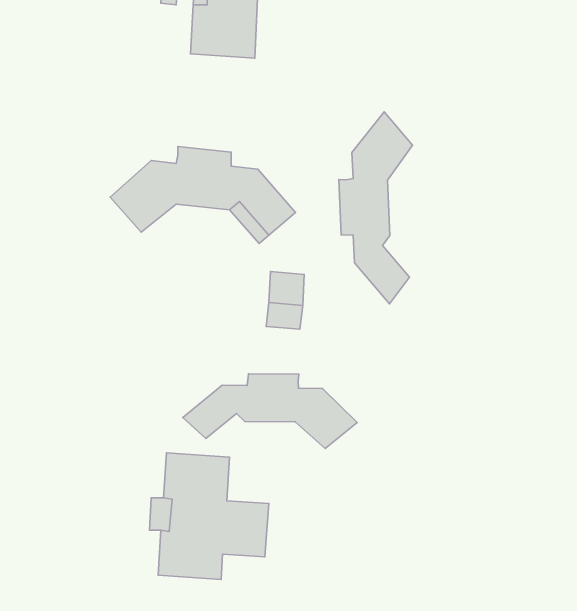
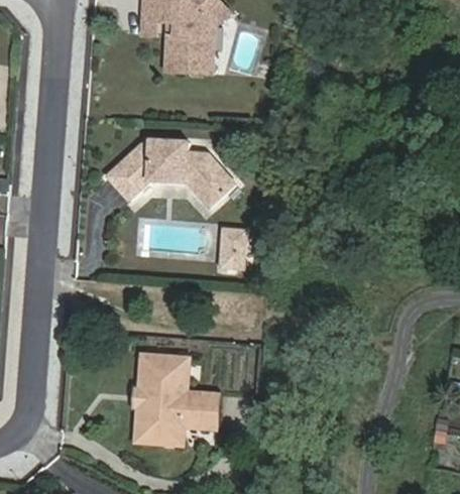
building: [339,112,413,304] -> none
building: [183,374,357,448] -> none

